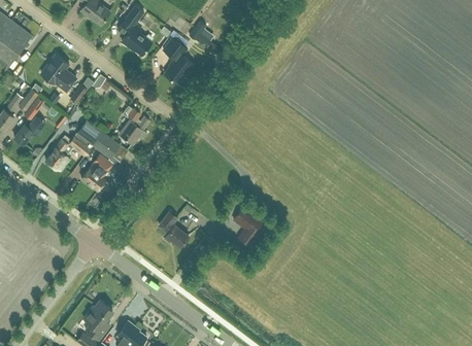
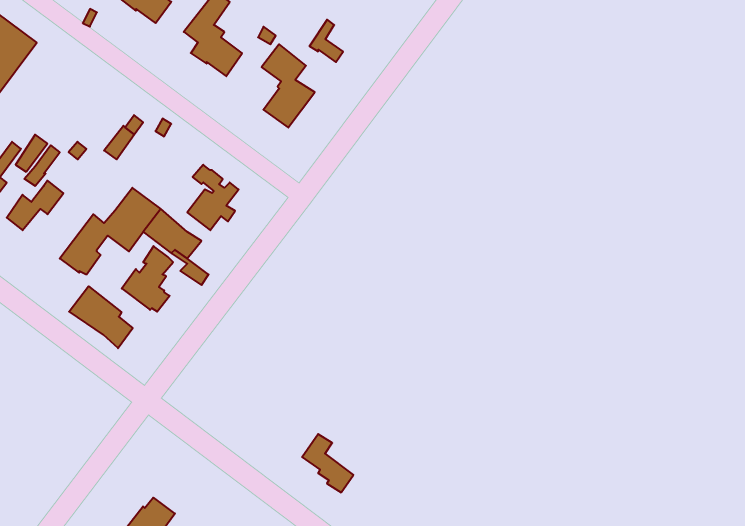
building: [40,54,76,92] -> none
building: none -> [69,286,133,348]
building: [233,207,265,246] -> none
building: [158,212,188,246] -> [302,434,353,492]

